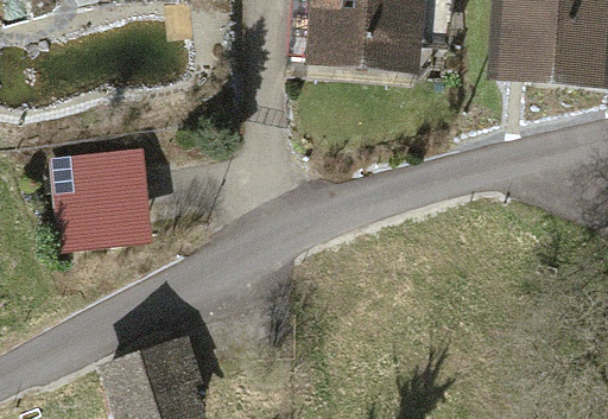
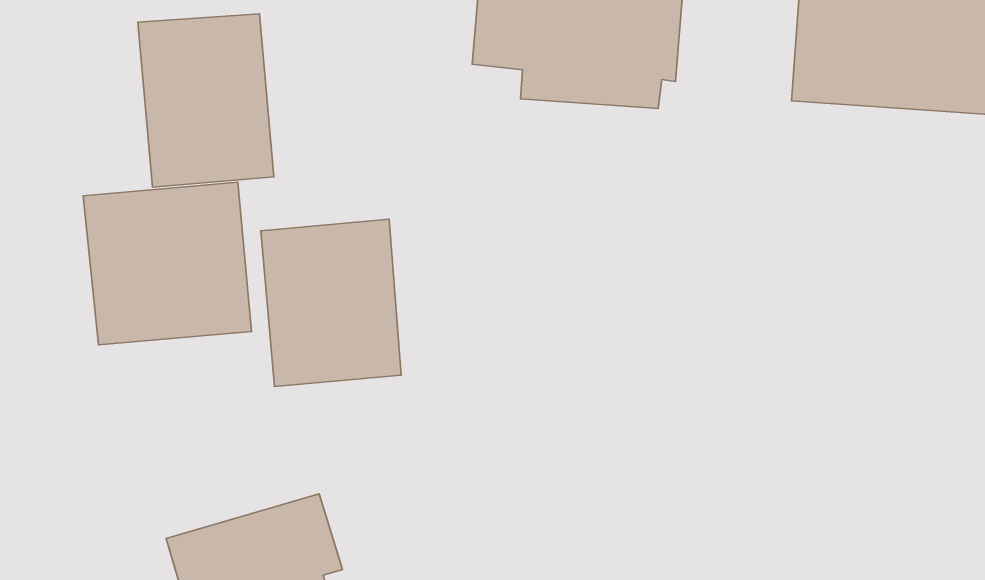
building: none -> [138,14,274,187]
building: none -> [261,219,401,387]

